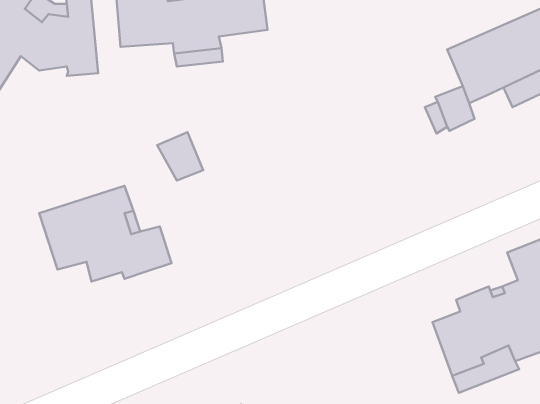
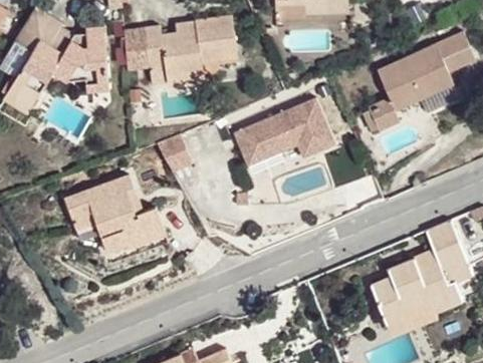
building: none -> [234,97,336,165]

